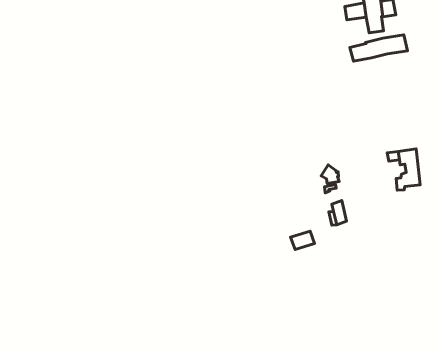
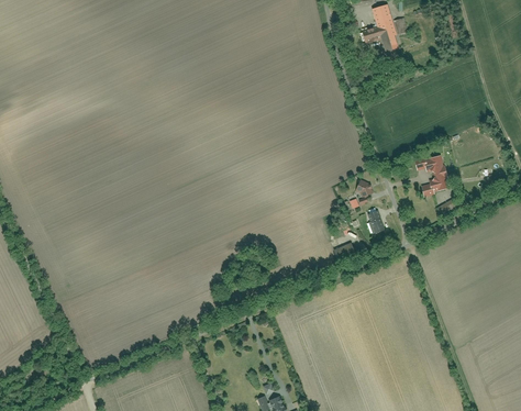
building: [350,35,407,61] -> none

